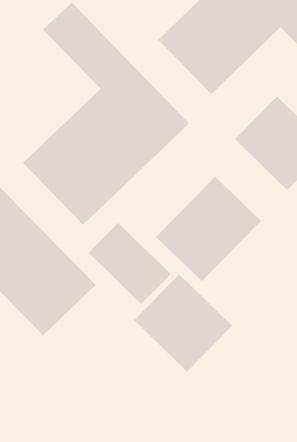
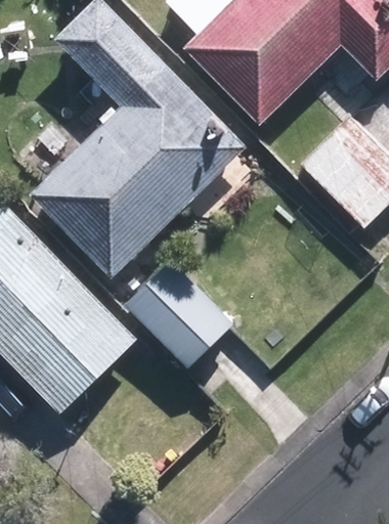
building: [155,176,262,282] -> none
building: [133,274,233,372] -> none

